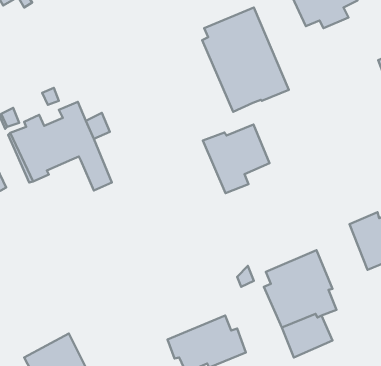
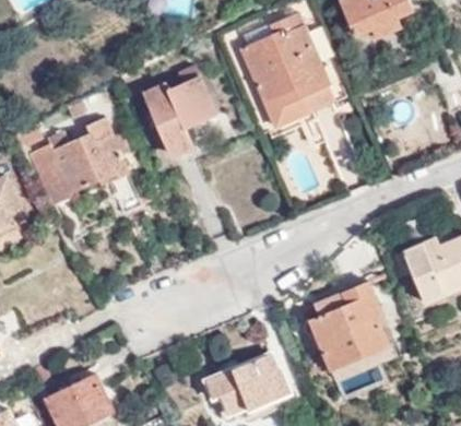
building: [203,125,269,193] -> [144,76,217,152]

